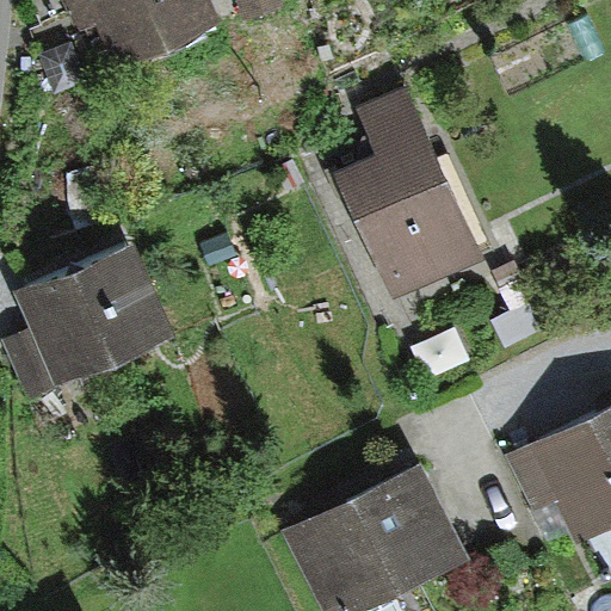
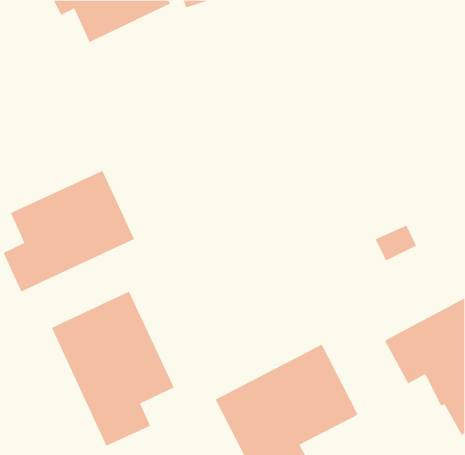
building: [334,90,483,297] -> none
building: none -> [51,291,175,447]

